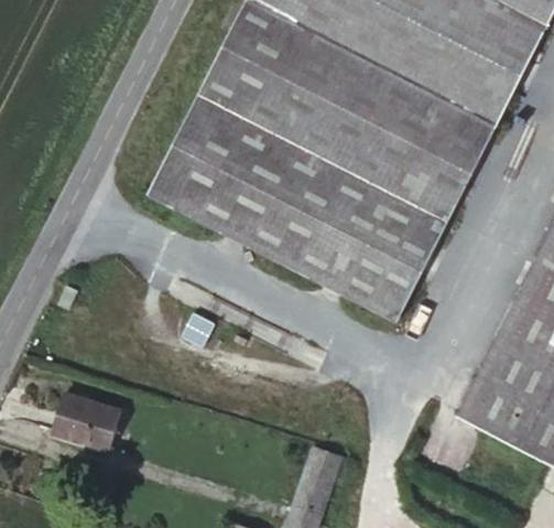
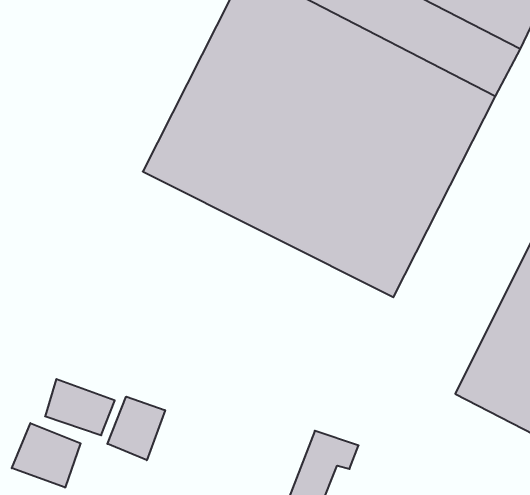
building: none -> [107,397,165,460]
building: none -> [12,423,81,488]

